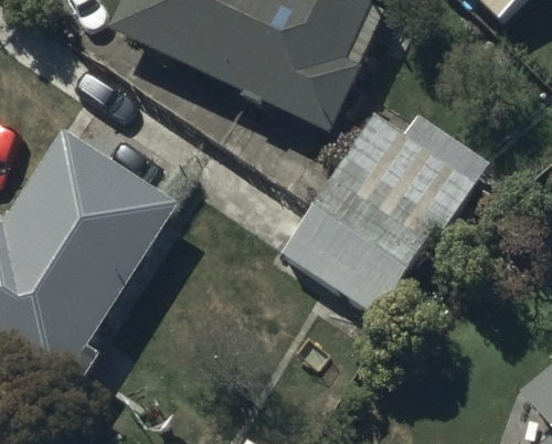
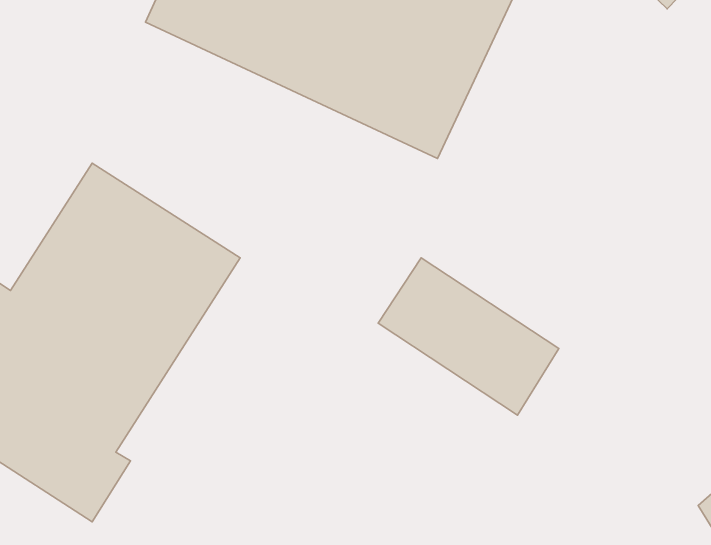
building: [315,110,490,271] -> none

